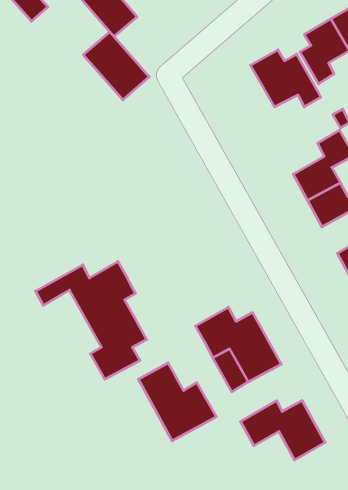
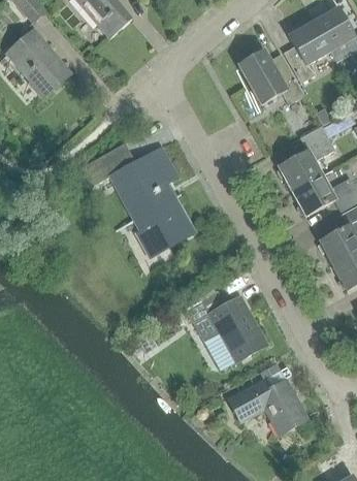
building: [83,32,149,100] -> [7,30,69,94]
building: [35,261,147,379] -> [84,146,188,256]
building: [138,363,216,441] -> none

